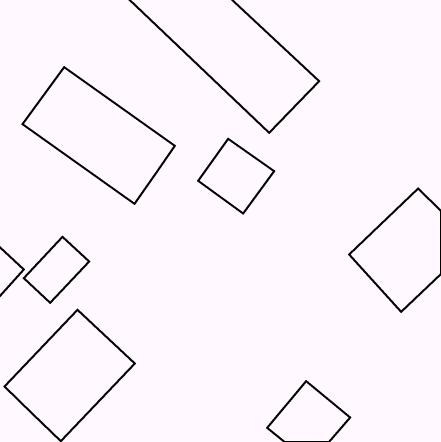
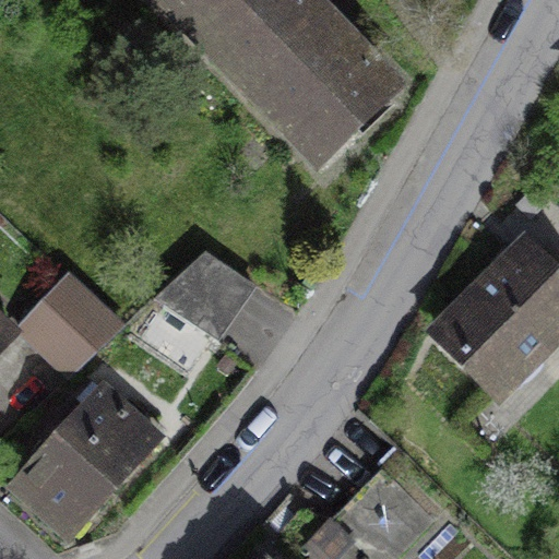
building: [22,67,175,204] -> none
building: [198,139,274,214] -> [168,248,262,341]

